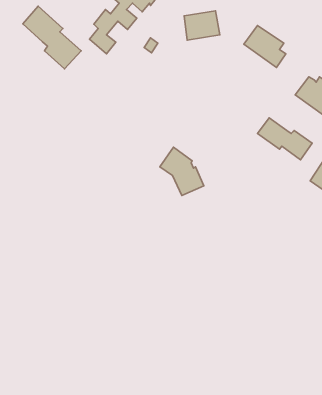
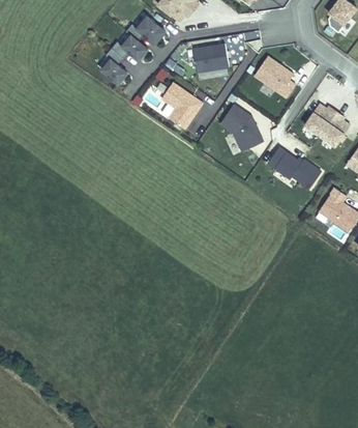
building: [23,6,81,69] -> none
building: none -> [160,83,203,129]
building: [160,147,204,195] -> [219,104,263,151]

